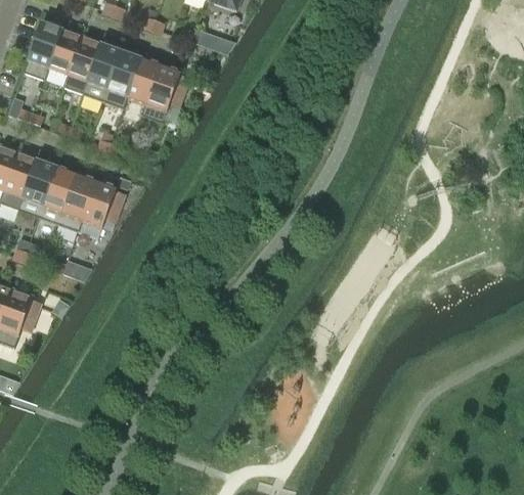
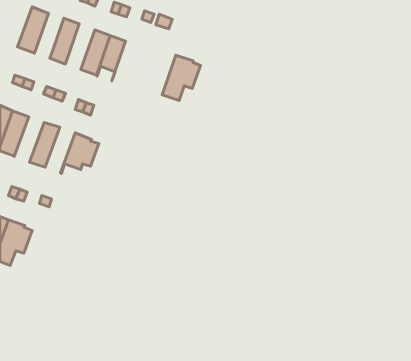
building: [44,29,81,79] -> none
building: [83,42,120,99] -> none
building: [141,63,189,121] -> [162,55,200,101]
building: [18,159,56,216] -> none
building: [57,172,95,229] -> none

